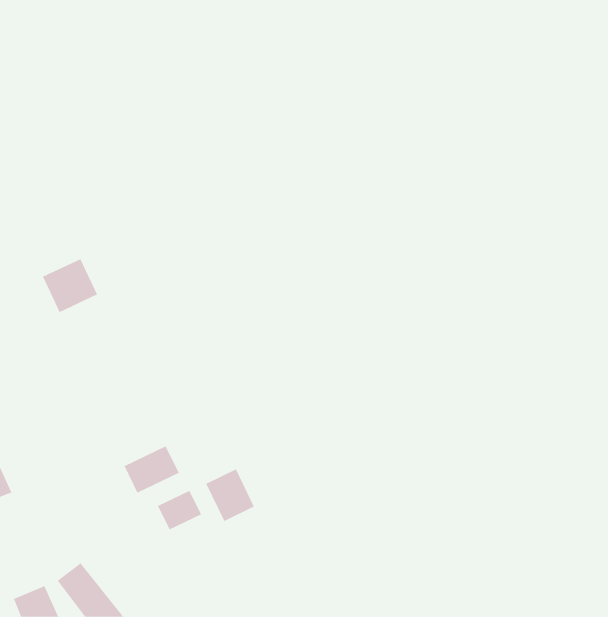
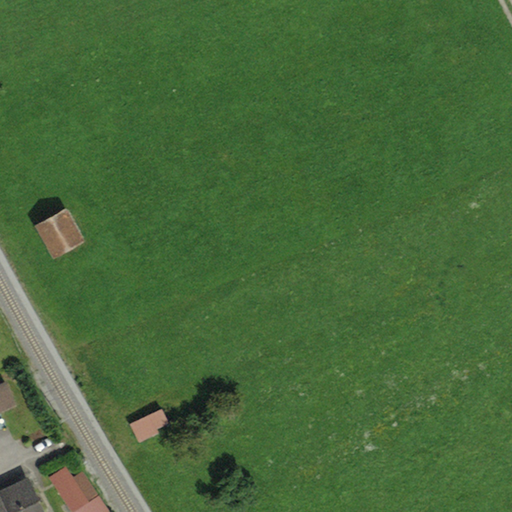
building: [124,445,179,493] -> none
building: [206,469,254,522] -> none

